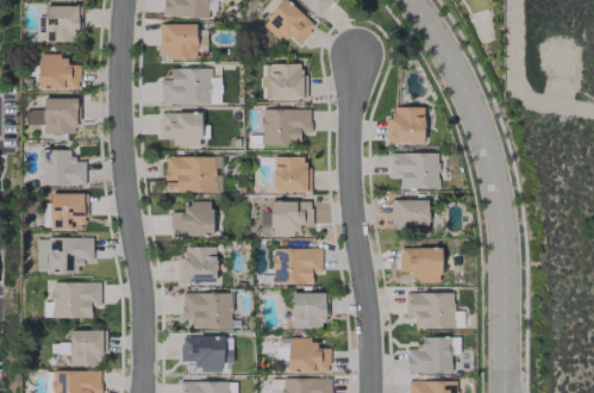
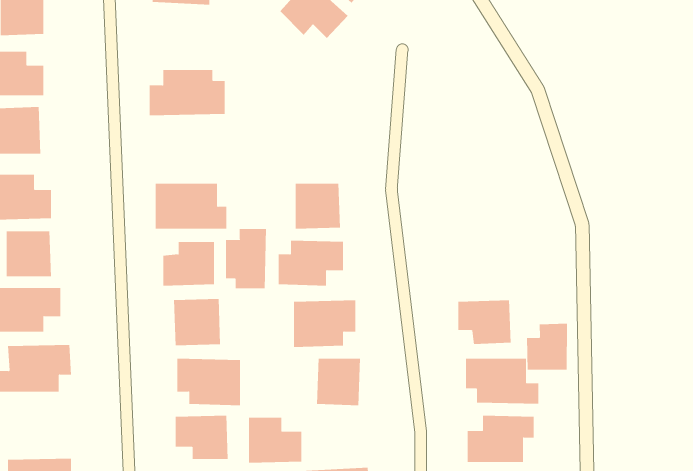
building: [161,24,199,62] -> none
building: [263,64,306,100] -> none
building: [389,107,425,143] -> none
building: [262,110,312,145] -> none
building: [161,113,208,148] -> none
building: [390,152,440,189] -> none
building: none -> [226,228,267,289]
building: [393,200,430,231] -> none
building: none -> [527,323,567,371]
building: [70,330,108,366] -> none
building: [289,338,331,374] -> [248,417,302,463]

